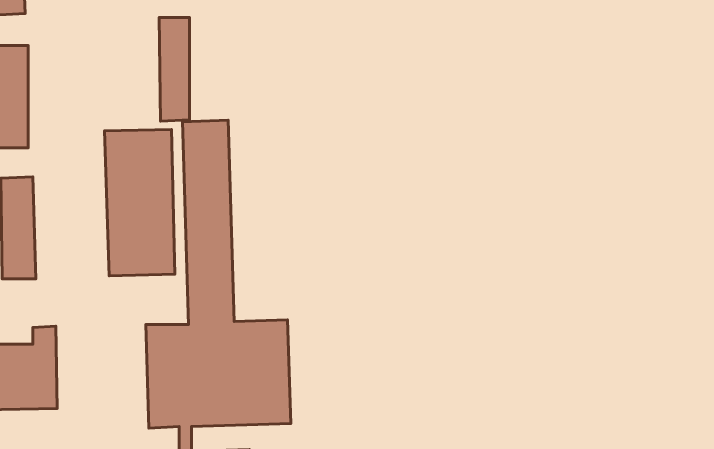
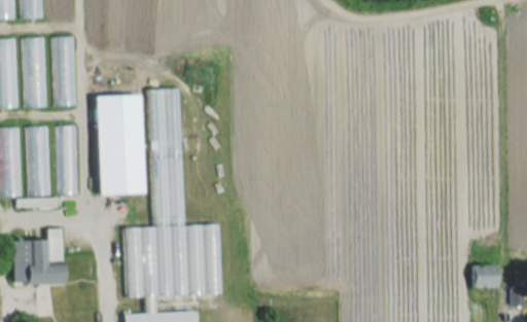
building: [159,18,190,121] -> [54,37,74,107]
building: none -> [56,126,77,194]
building: none -> [473,264,498,287]

